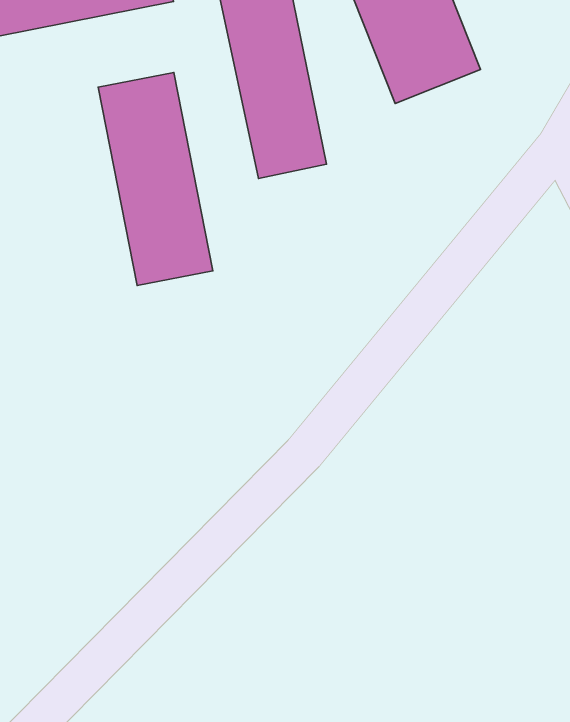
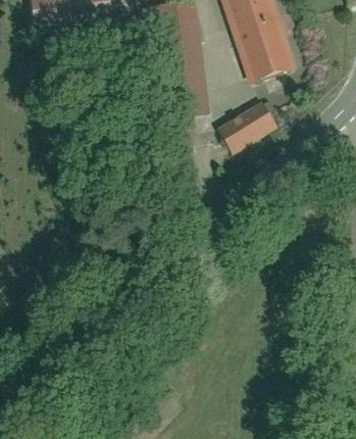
building: [98,73,213,285] -> none
building: none -> [218,102,276,155]

